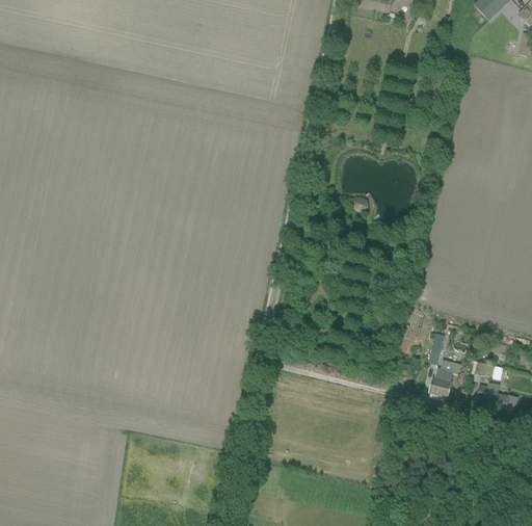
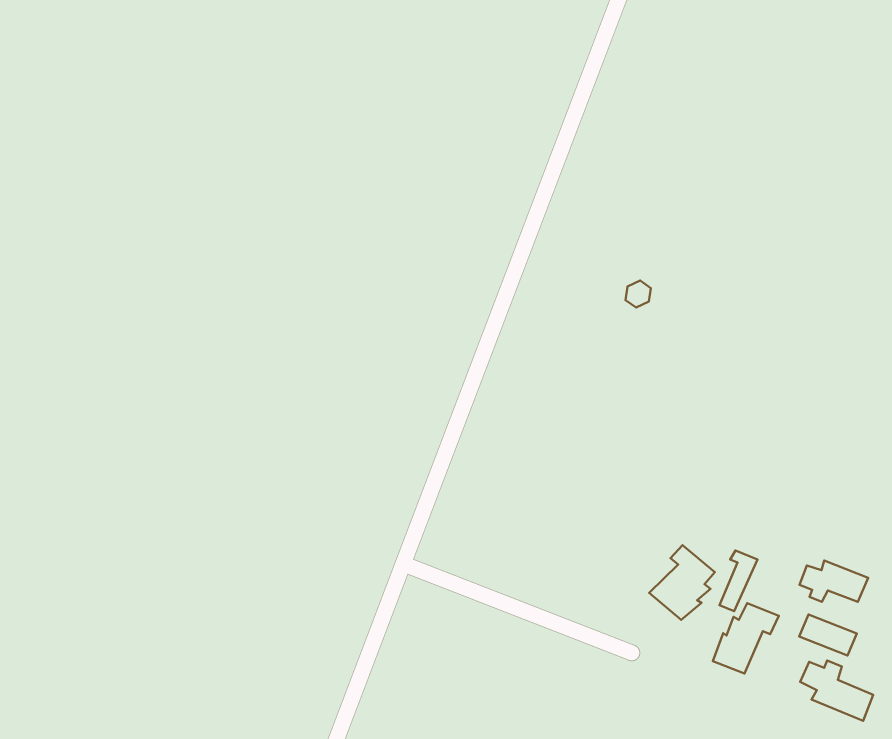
building: none -> [799,561,868,602]
building: none -> [649,545,715,620]

